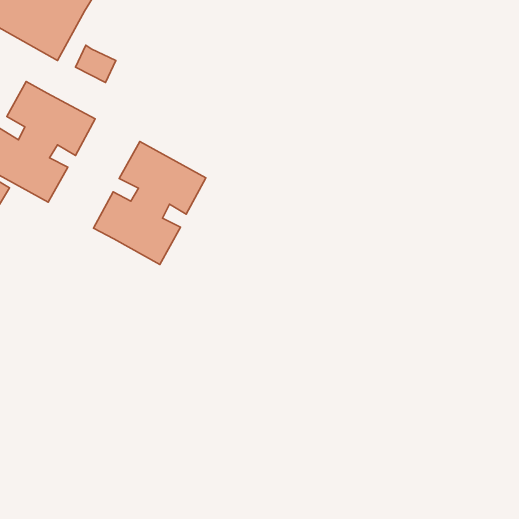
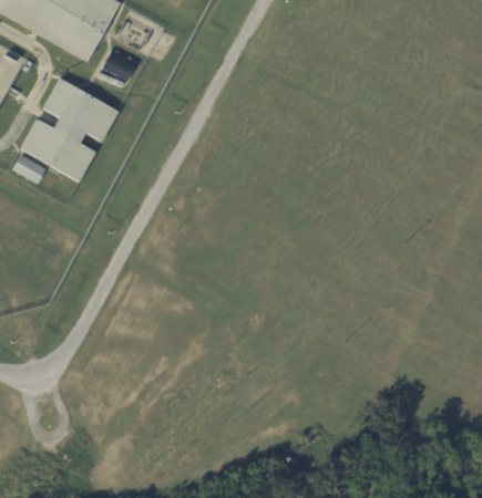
building: [94,141,206,264] -> none

